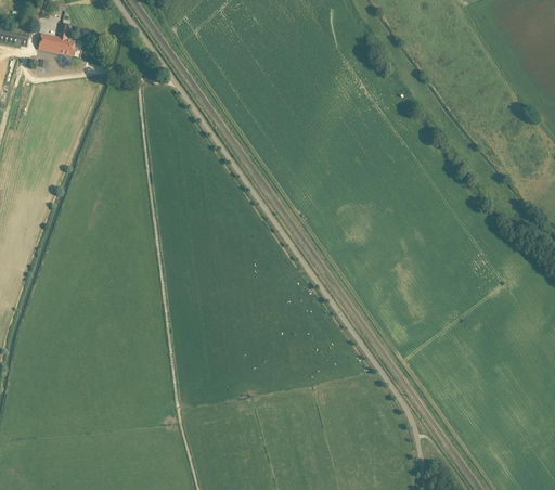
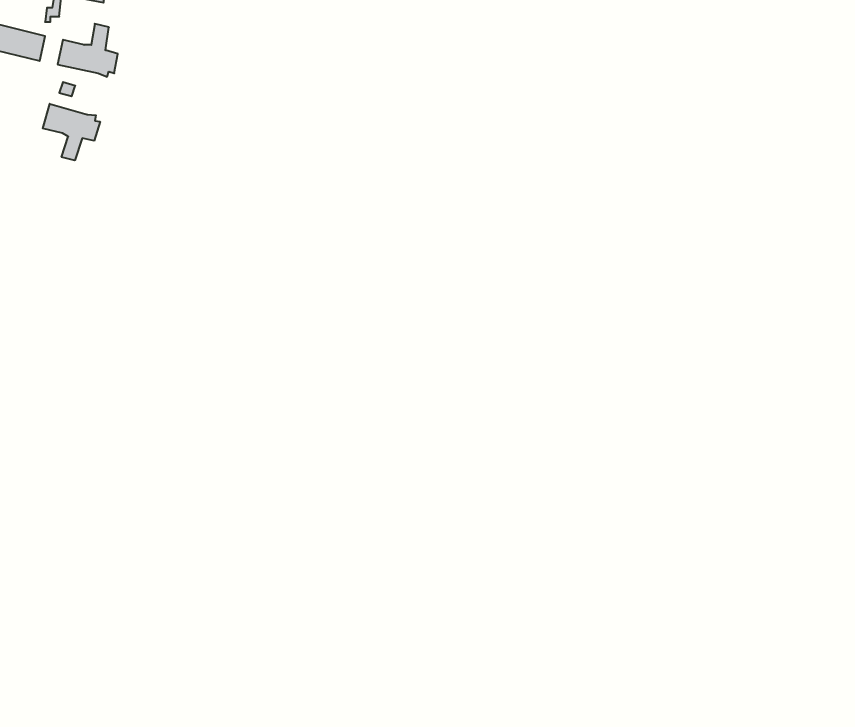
building: none -> [43,104,100,160]

